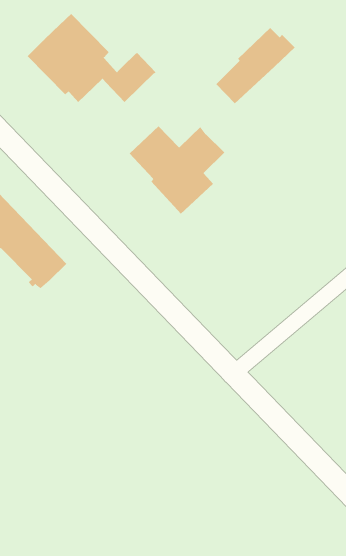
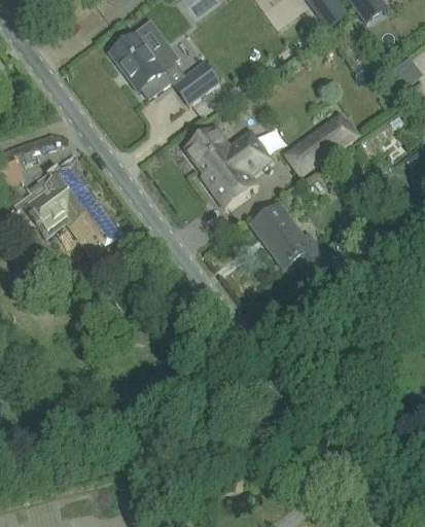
building: [216,27,295,104] -> [285,110,358,173]
building: none -> [253,203,328,277]

